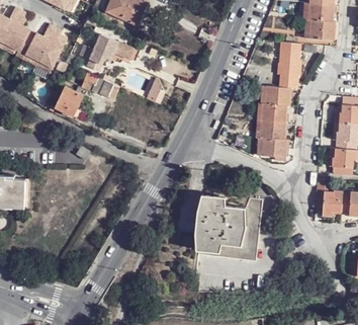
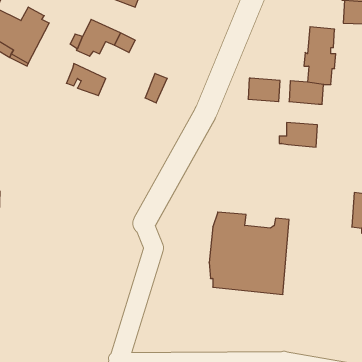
building: [56,87,83,116] -> none
building: [262,103,288,123] -> [248,78,280,102]
building: [261,139,288,158] -> none

